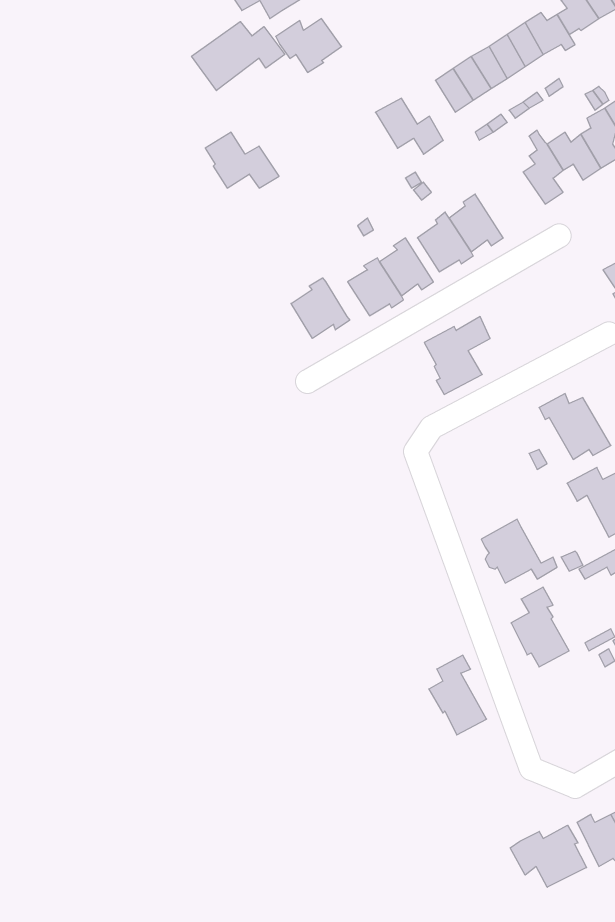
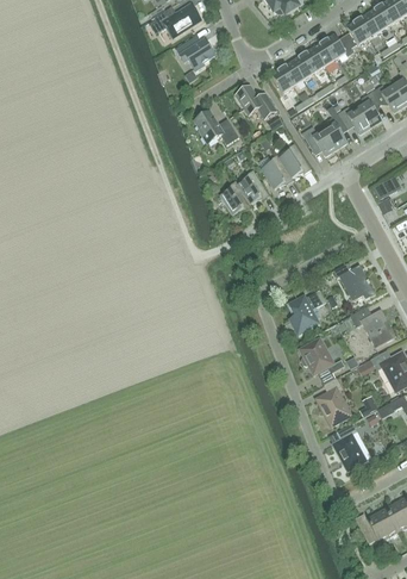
building: [192,22,285,91] -> none
building: [205,132,279,188] -> [195,110,239,143]
building: none -> [302,124,337,155]
building: [291,278,350,338] -> none
building: [424,317,490,394] -> [287,287,326,334]
building: [429,655,487,735] -> [332,422,367,469]
building: [510,825,587,887] -> none

